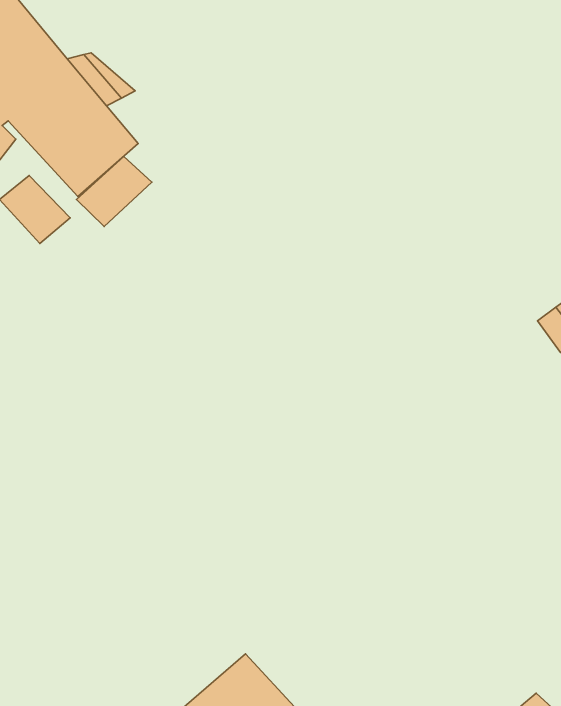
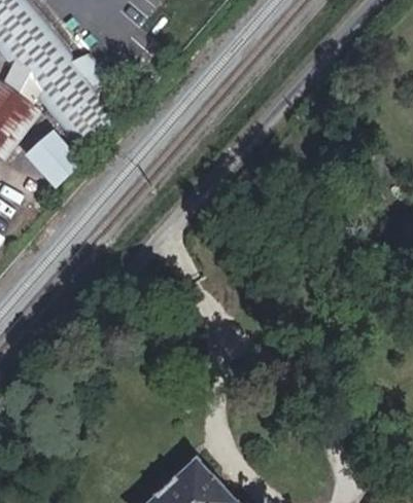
building: [76,157,152,226] -> none

